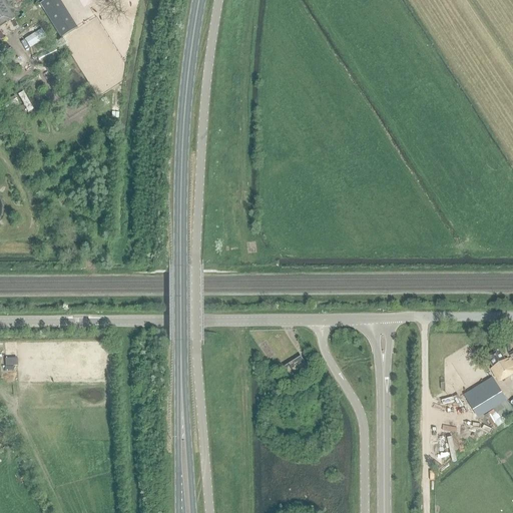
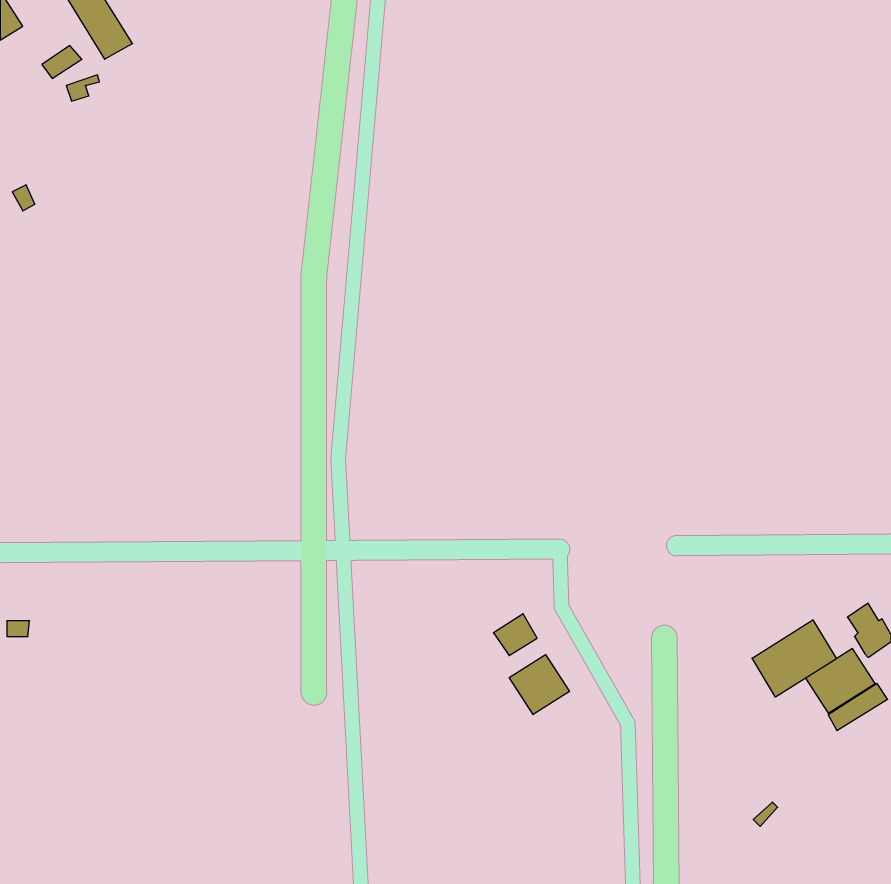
building: none -> [752,620,837,697]
building: none -> [509,655,569,715]

